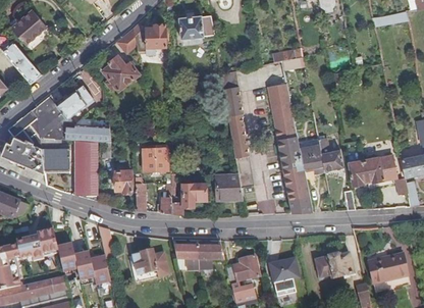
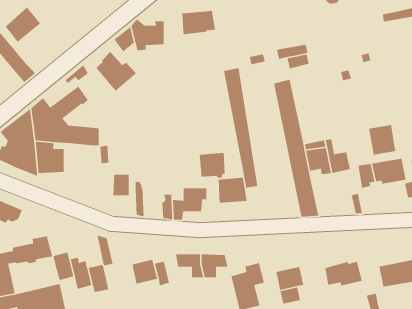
building: none -> [368,124,397,156]
building: [73,142,97,201] -> none
building: [143,147,168,172] -> [199,152,225,179]

